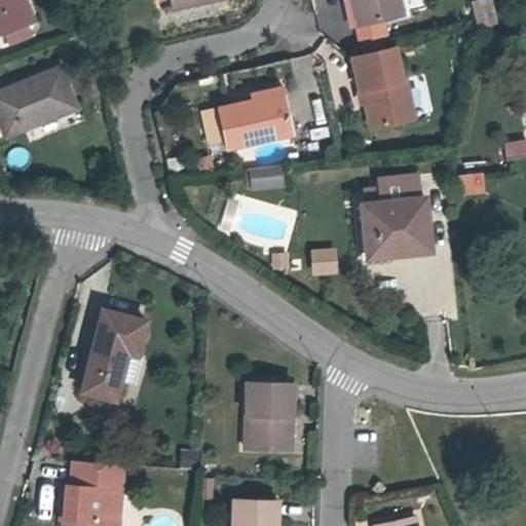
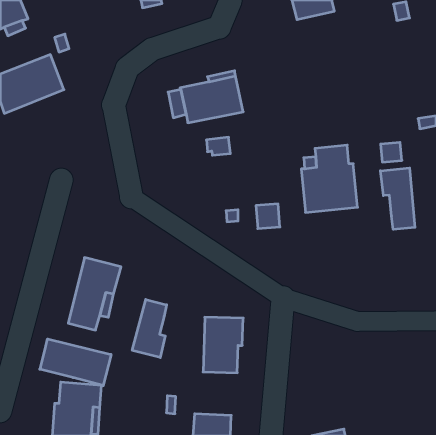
building: [352,42,414,128] -> none
building: none -> [380,168,415,229]
building: none -> [132,299,167,358]
building: none -> [40,339,111,386]

